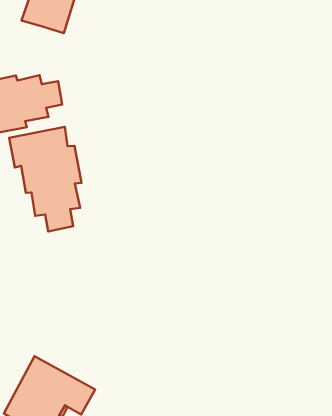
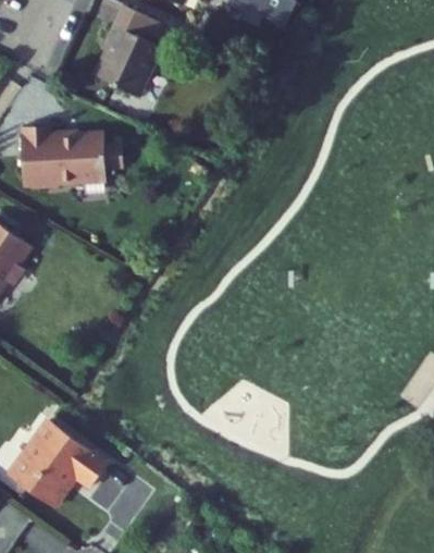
building: [9,127,82,232] -> none

